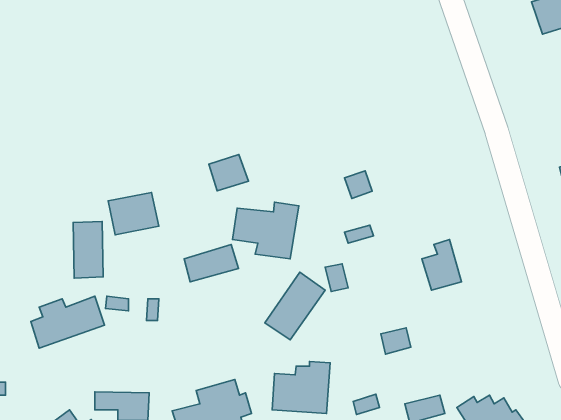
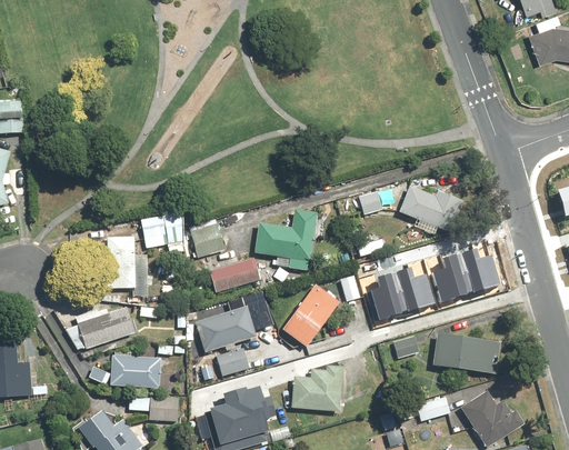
building: [209,155,249,191] -> [189,223,226,257]
building: none -> [400,186,465,234]
building: none -> [459,248,497,291]
building: none -> [395,267,433,309]
building: none -> [365,272,400,319]
building: none -> [196,304,262,353]
building: none -> [436,334,500,372]
building: none -> [217,348,251,377]
building: none -> [89,356,160,389]

